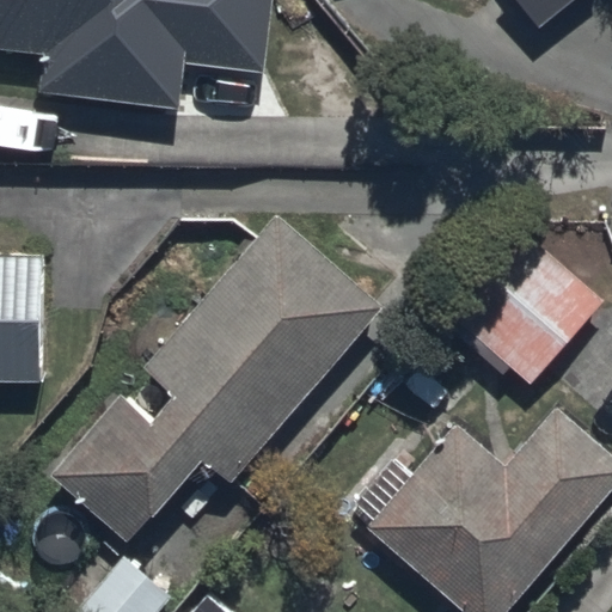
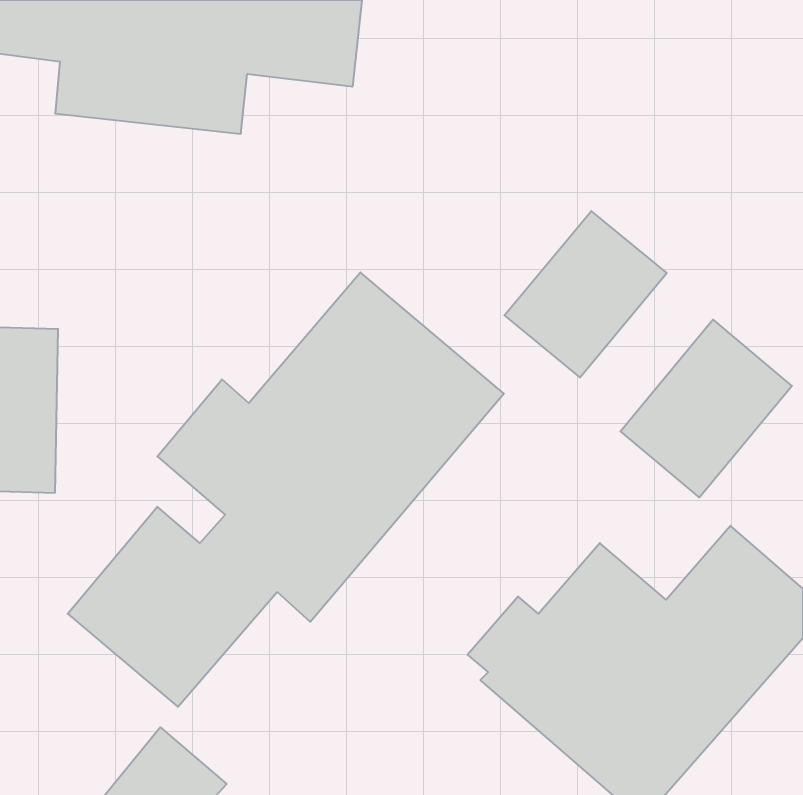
building: none -> [504,211,667,377]

